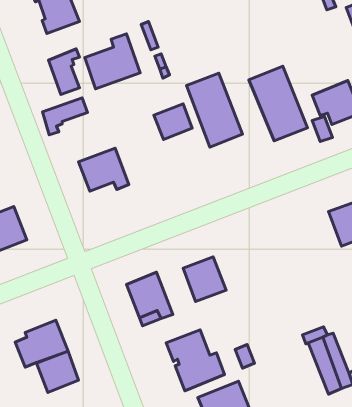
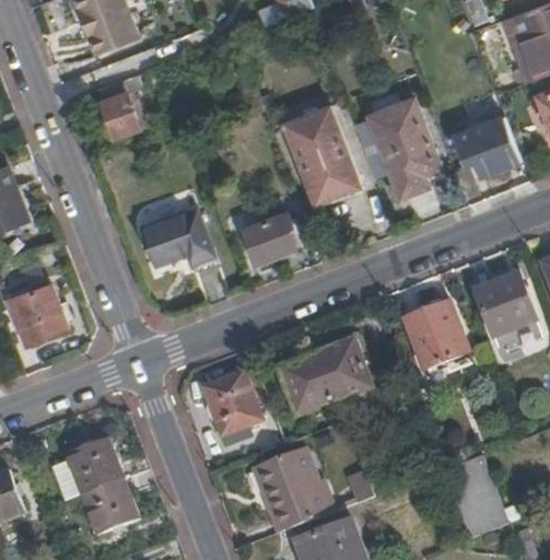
building: [85,34,140,89] -> none
building: [43,98,88,135] -> none
building: [154,104,192,140] -> [242,214,293,262]
building: none -> [403,304,468,372]
building: none -> [319,340,368,397]

